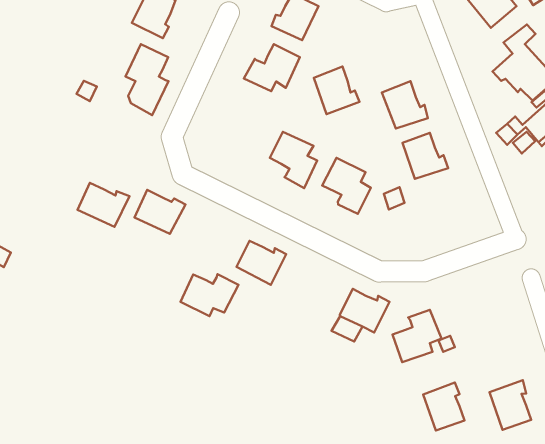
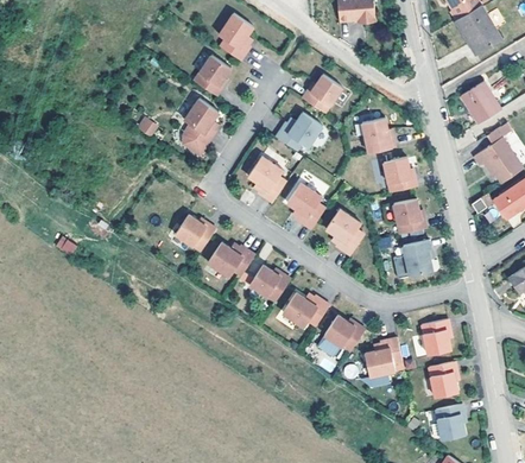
building: [314,66,359,114] -> [362,118,396,153]
building: none -> [249,156,287,202]
building: none -> [394,240,432,278]
building: [77,183,130,227] -> none
building: none -> [284,292,330,328]
building: [180,274,239,316] -> [209,242,257,277]
building: none -> [422,319,453,356]
building: [423,383,465,431] -> [429,362,458,398]

